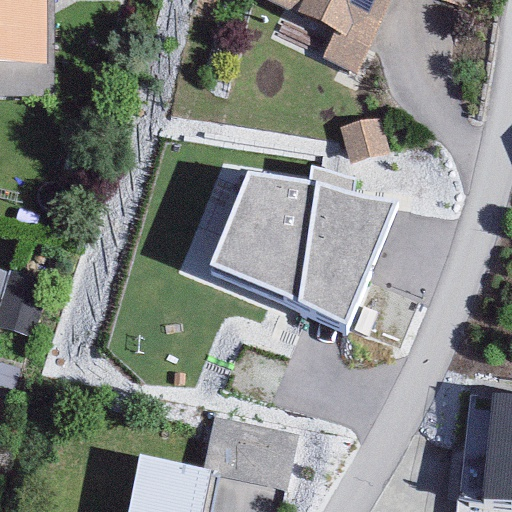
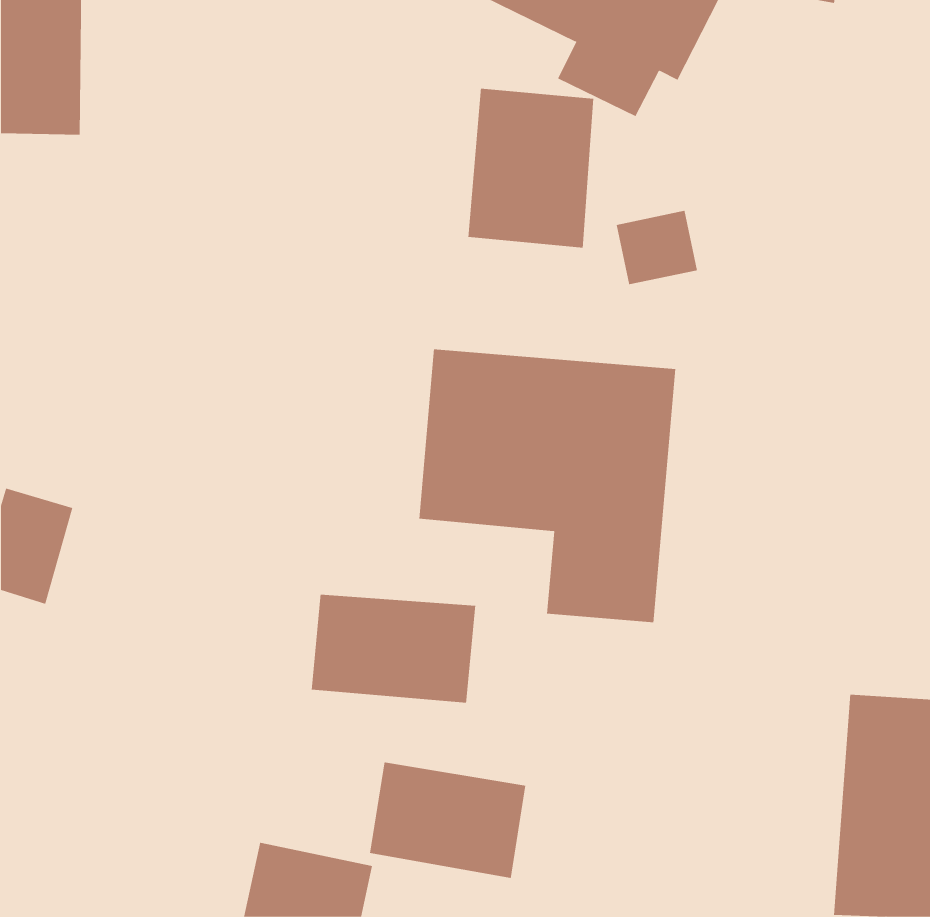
building: none -> [468,88,594,248]
building: none -> [311,594,476,704]

